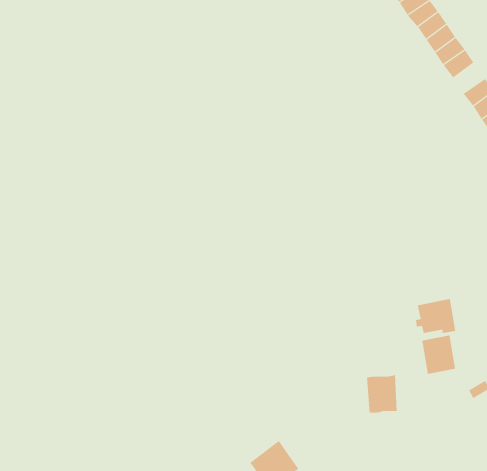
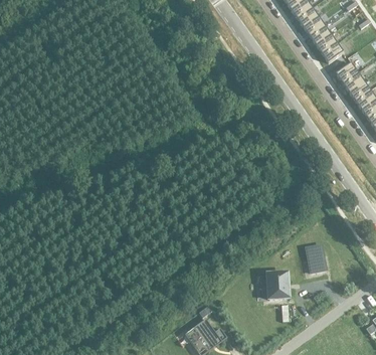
building: [415,298,456,334] -> none

